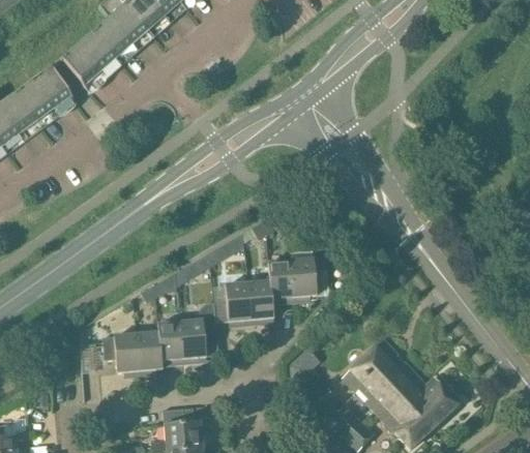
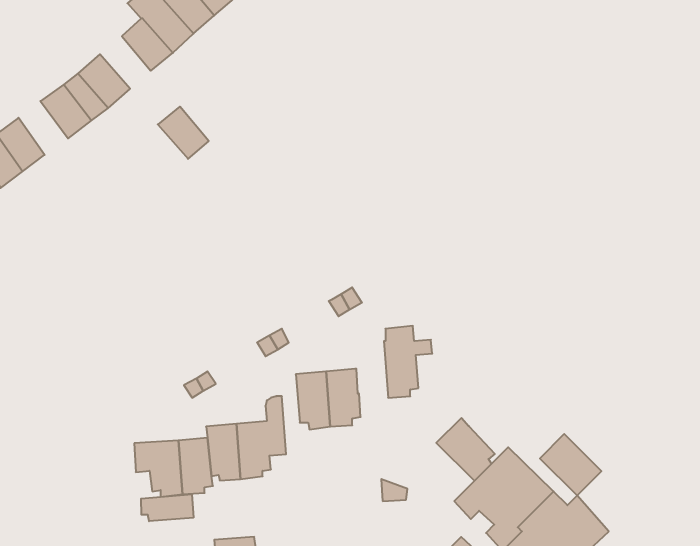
building: [77,32,115,71] -> [158,107,209,159]
building: [16,81,53,121] -> none
building: [267,261,293,304] -> none
building: none -> [436,418,495,481]
building: none -> [540,434,601,496]
building: none -> [141,494,193,521]

